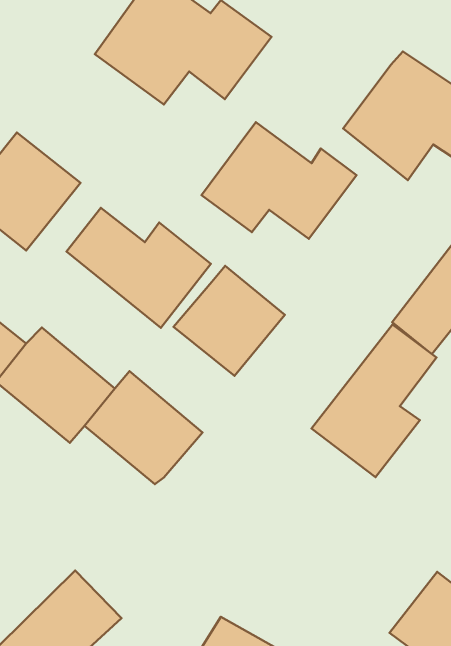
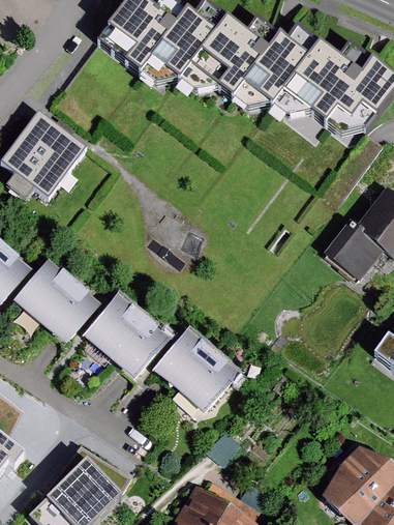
building: [201,122,357,239] -> [207,16,328,107]
building: [67,208,211,328] -> none
building: [173,266,285,376] -> [151,331,238,417]
building: [311,325,437,477] -> none

